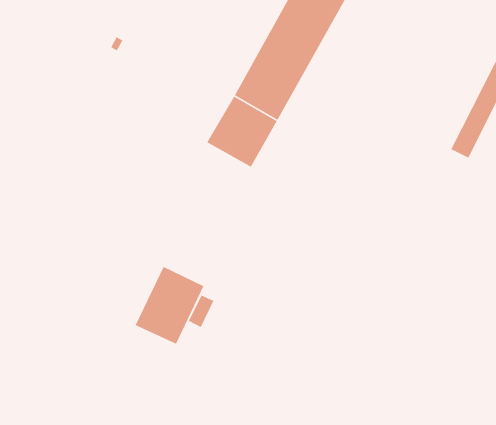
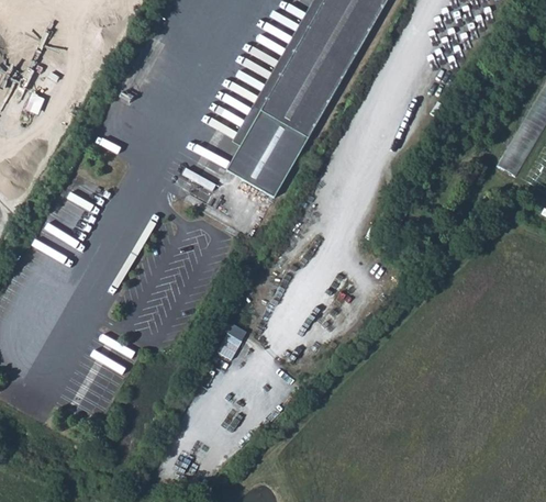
building: [135,266,204,345] -> none

